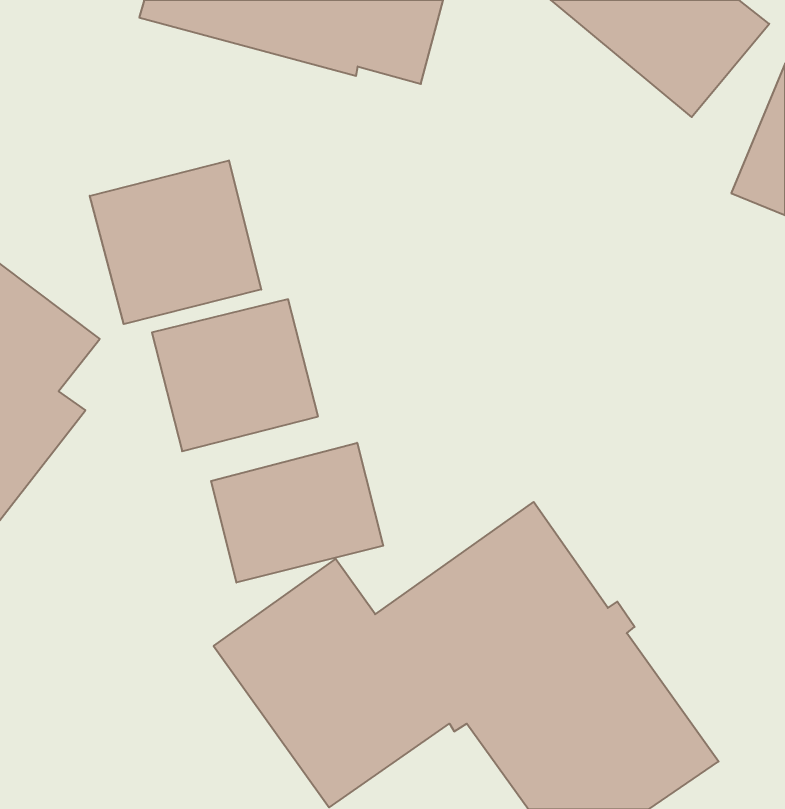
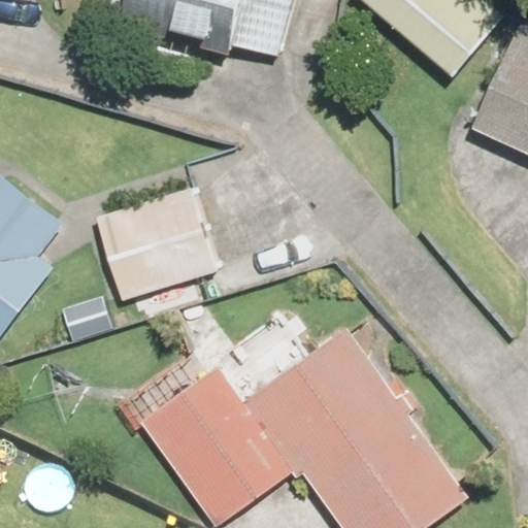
building: [90,160,261,324] -> none
building: [211,443,383,583] -> none

